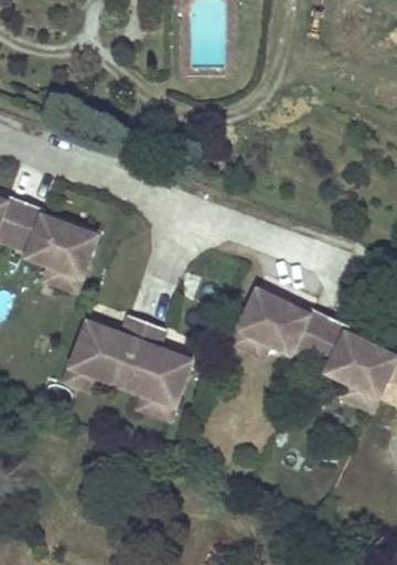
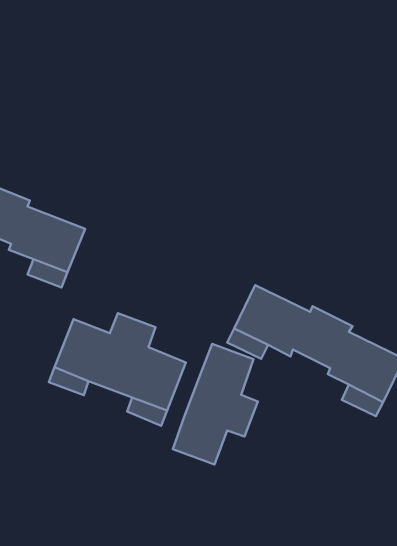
building: none -> [173,344,258,464]

